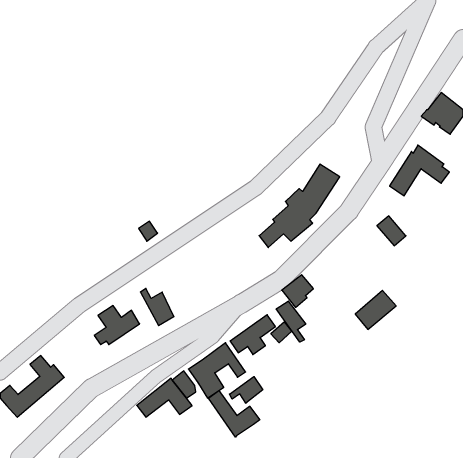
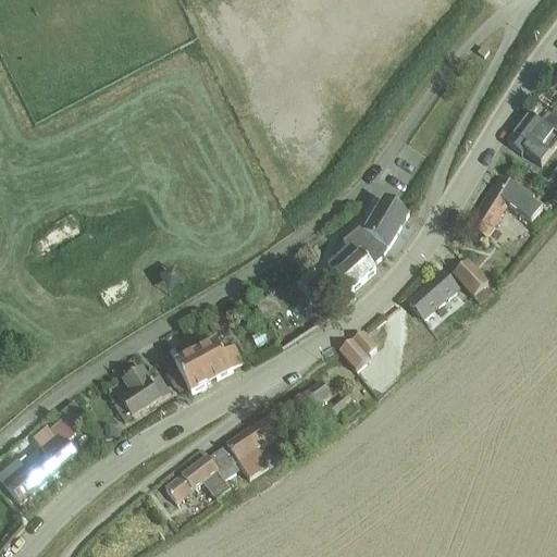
building: none -> [195,339,243,380]
building: [355,290,396,329] -> [408,270,457,317]
building: [276,301,306,342] -> none
building: [229,377,263,403] -> none
building: [208,391,260,437] -> none

